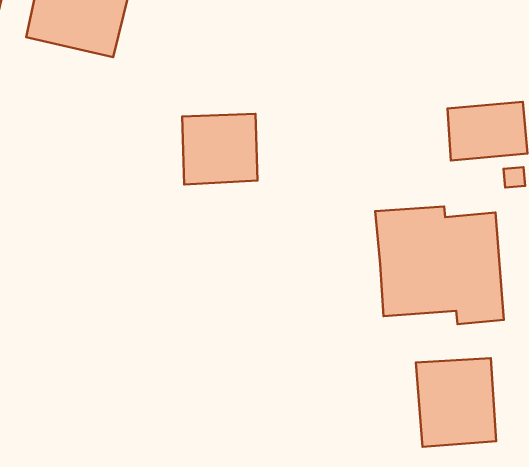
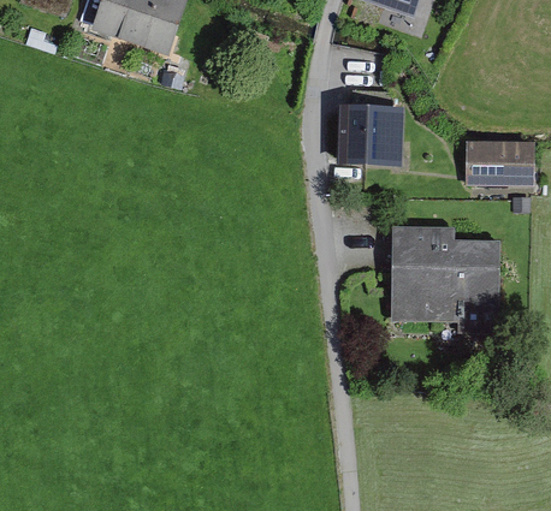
building: [182,114,257,184] -> [333,99,403,162]
building: [416,358,496,447] -> none

